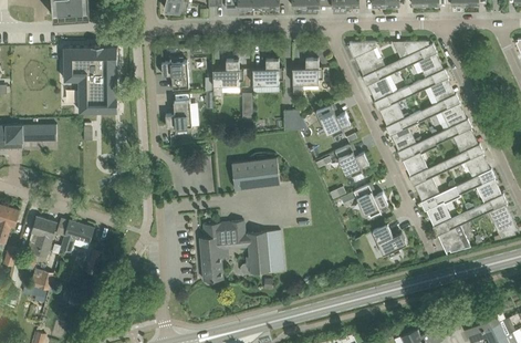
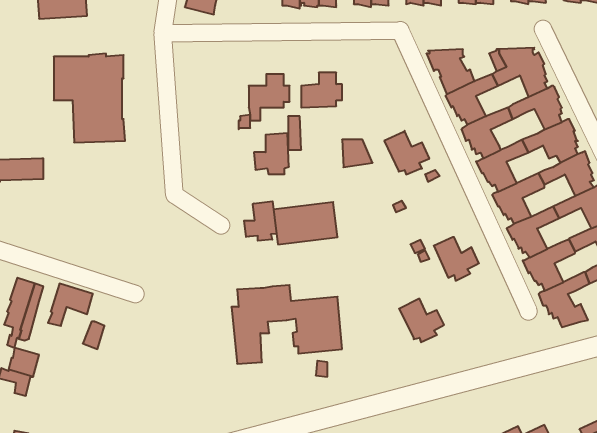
building: [160,56,188,89] -> none
building: [291,59,322,95] -> none
building: [164,101,190,132] -> [254,133,289,174]
building: [333,145,367,178] -> none
building: none -> [244,201,277,241]
building: [371,225,405,258] -> [399,299,444,342]

